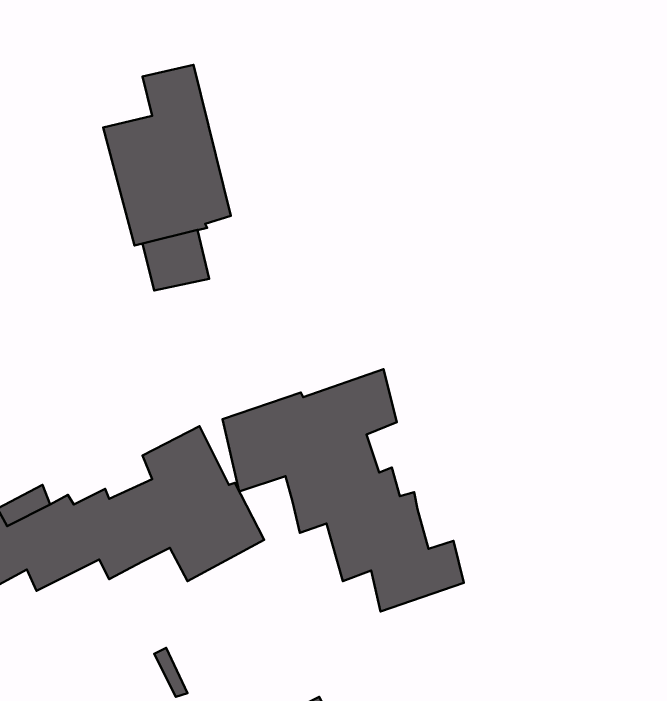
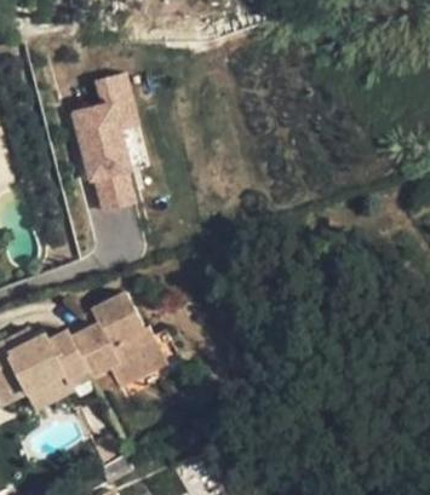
building: [223,369,464,611] -> none

